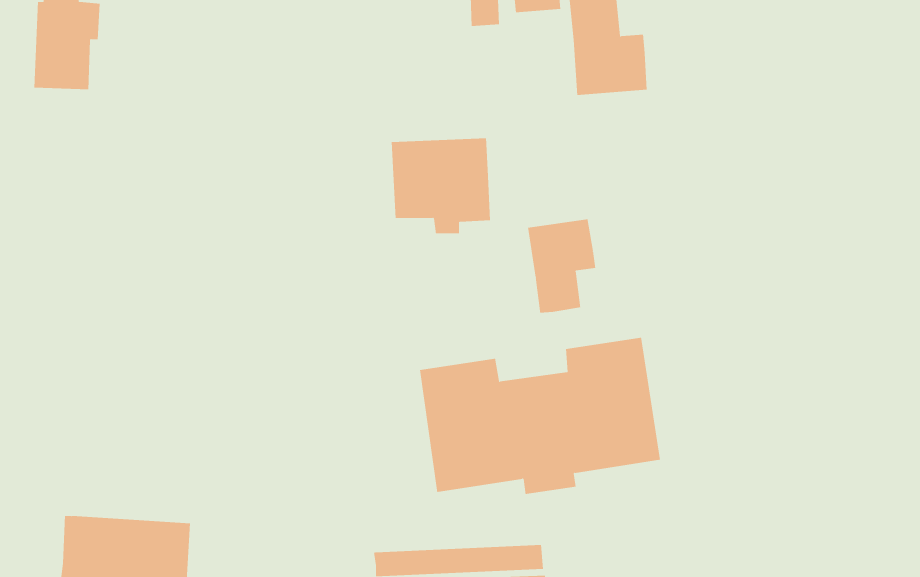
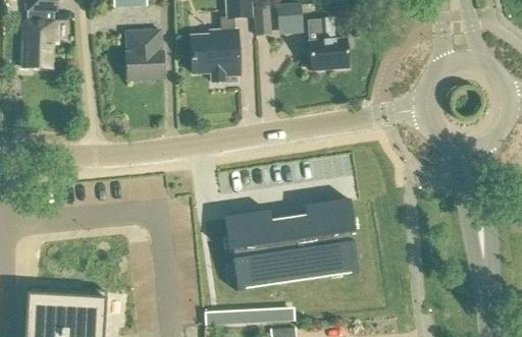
building: none -> [125,29,163,80]
building: [391,138,491,234] -> [188,31,241,81]
building: [527,219,596,314] -> none

